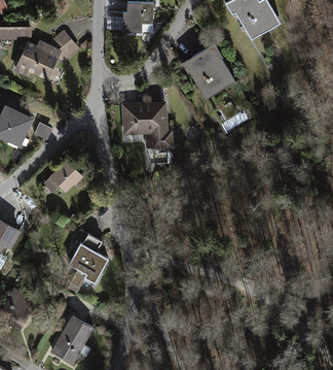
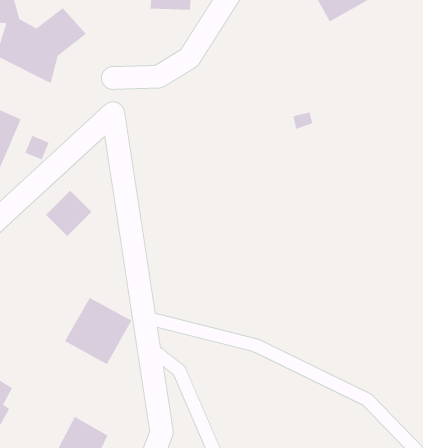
building: [187,45,234,96] -> none
building: [122,101,173,147] -> none

